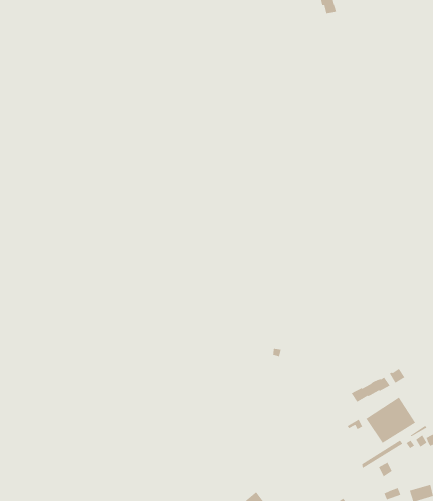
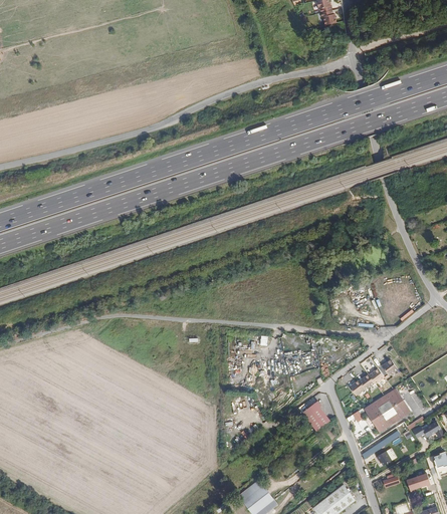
building: none -> [300,402,328,431]

